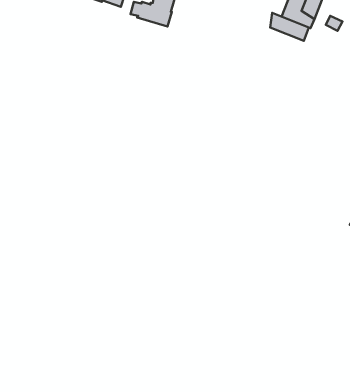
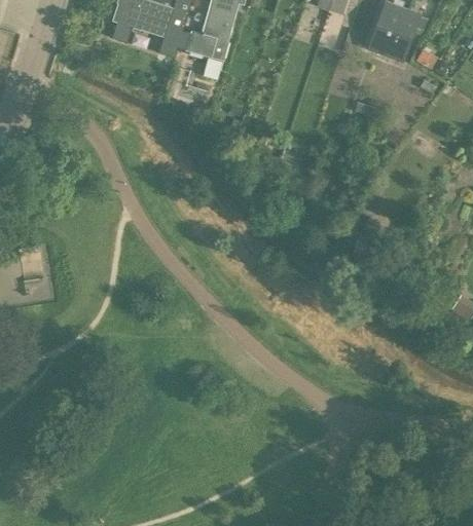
building: [270,13,309,41] -> none

